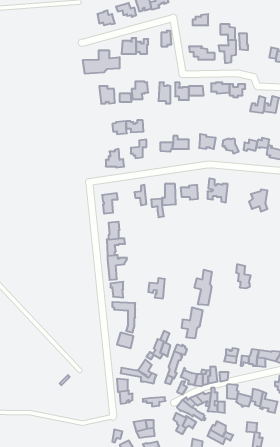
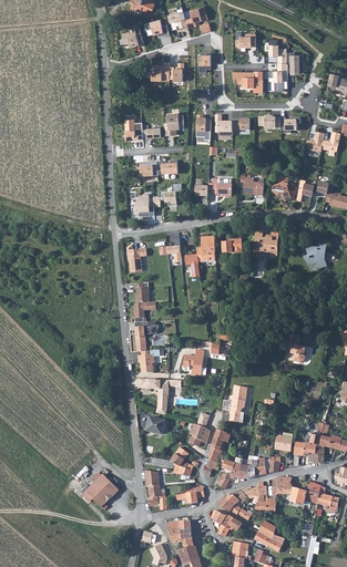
building: [83,50,120,74] -> none
building: [195,270,212,305] -> none
building: none -> [88,476,120,509]

